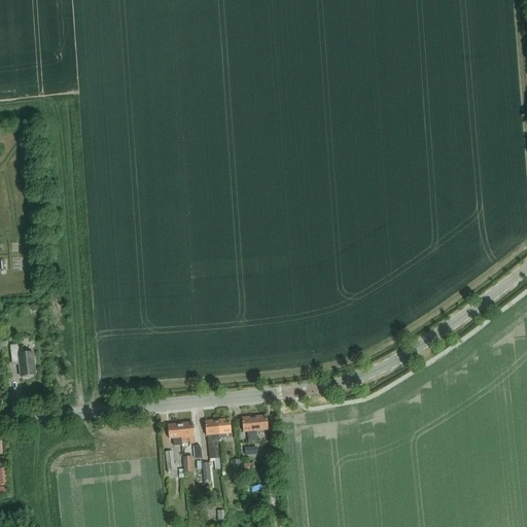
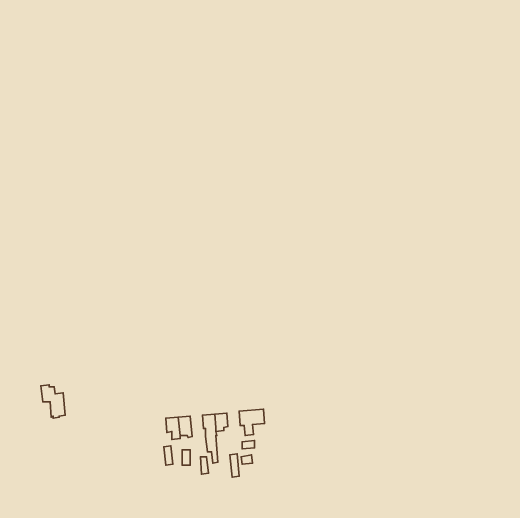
building: [10,343,35,377] -> [41,385,65,418]

